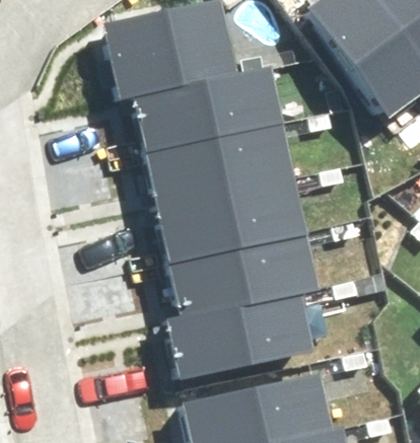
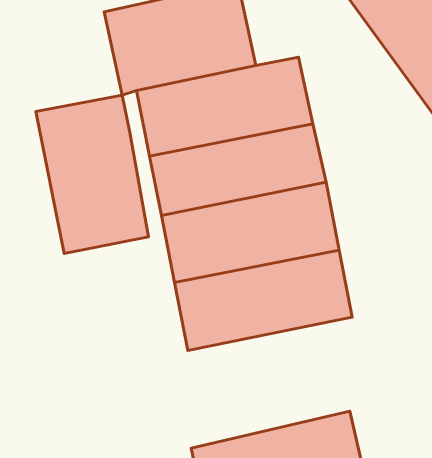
building: none -> [36,95,149,253]
building: [167,292,314,378] -> none

